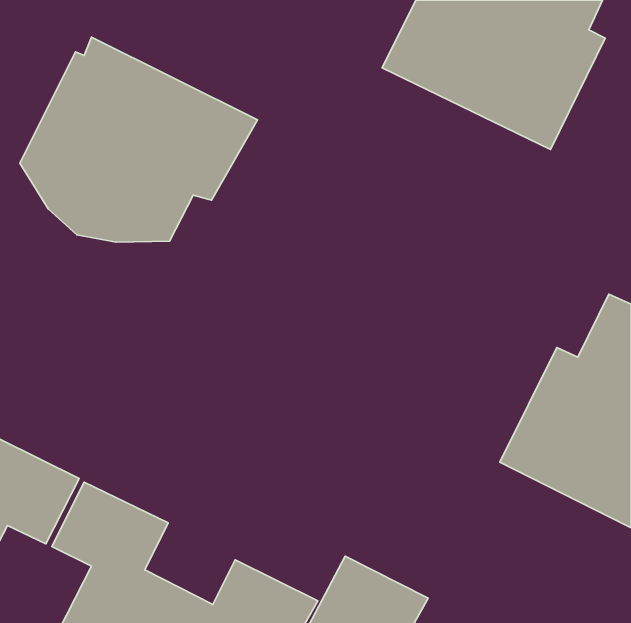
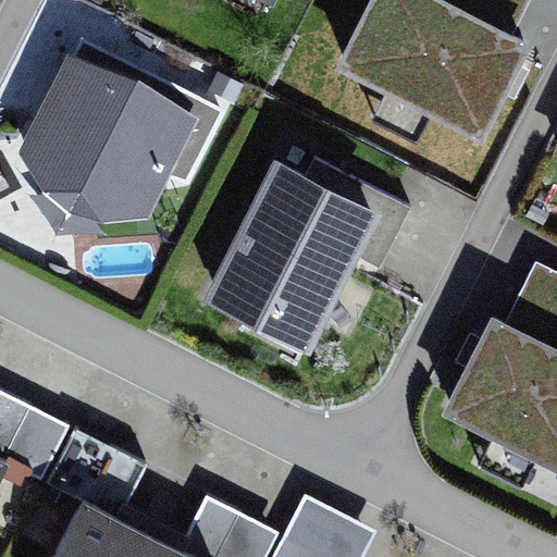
building: none -> [202,157,410,354]

